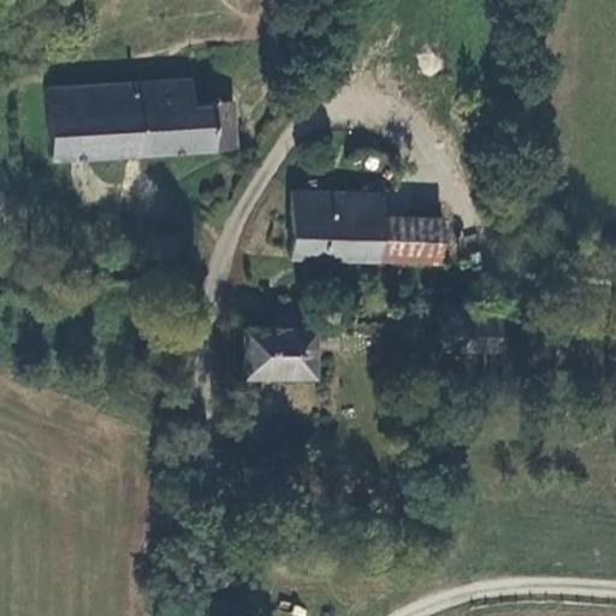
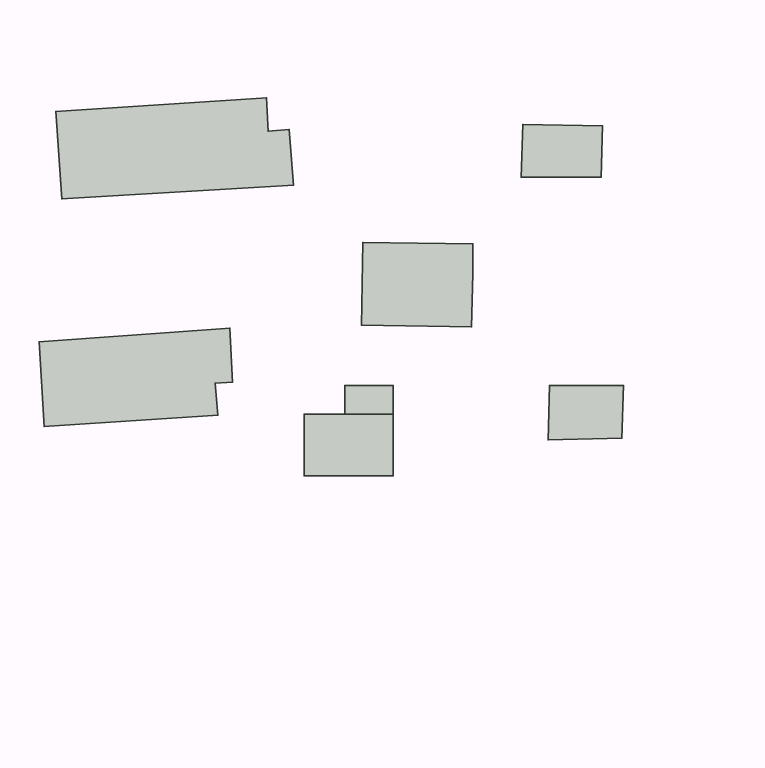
building: [380,220,445,262] -> [521,124,603,177]
building: none -> [39,328,233,426]

